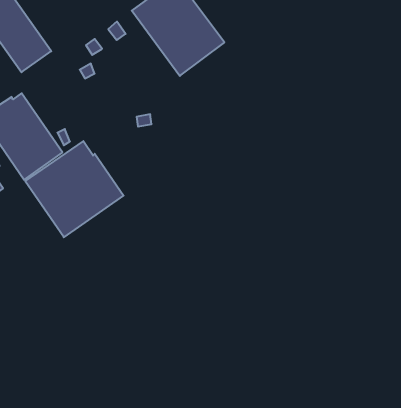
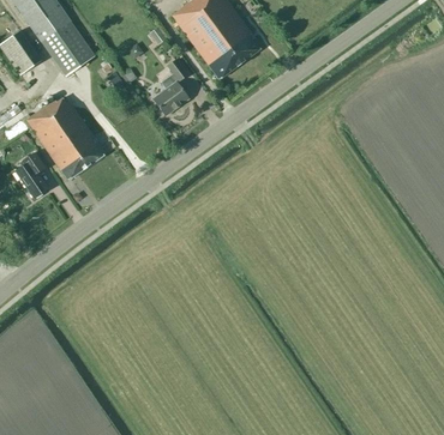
building: none -> [152,59,188,115]
building: [25,141,124,237] -> none

